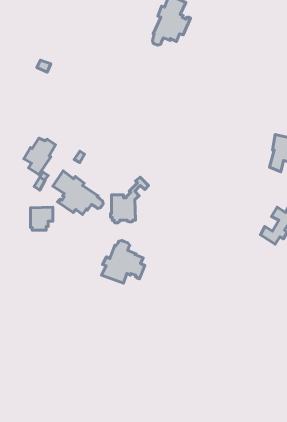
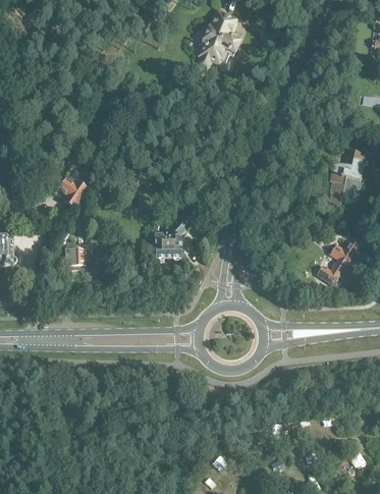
building: [53,171,103,214] -> none
building: [102,241,145,283] -> none

